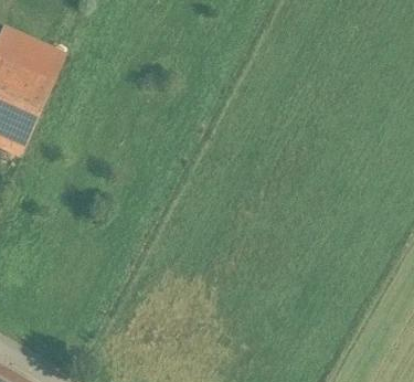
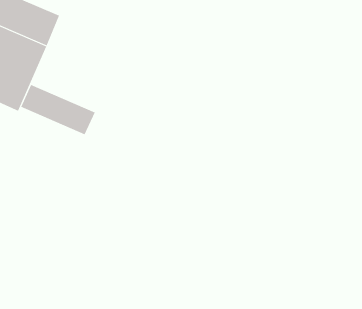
building: none -> [20,84,95,135]

